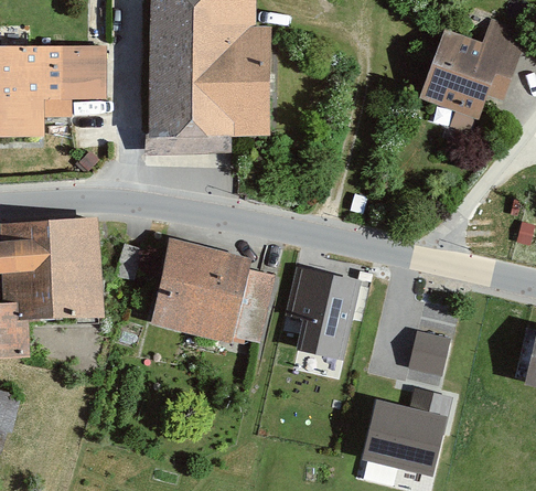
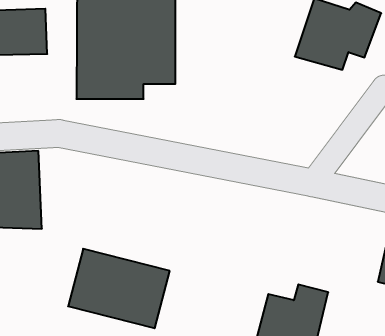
building: [143,244,270,343] -> [68,249,170,328]
building: [288,266,364,357] -> none
building: [414,332,453,373] -> none

